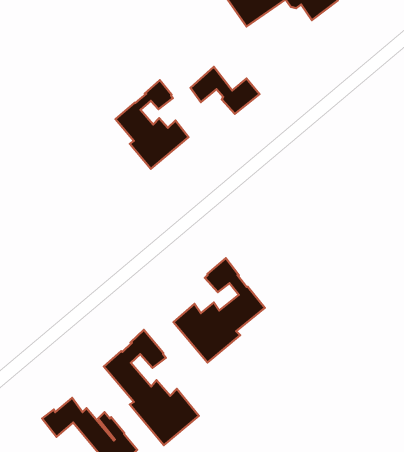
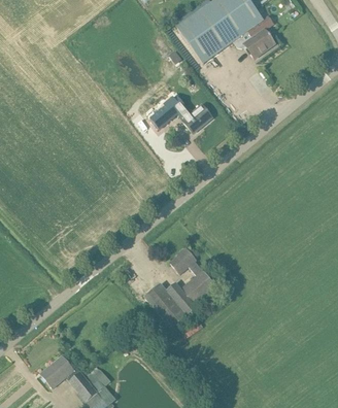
building: [115,80,189,169] -> none
building: [104,330,199,445] -> none

